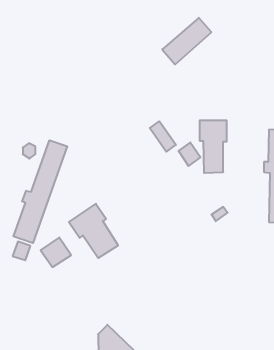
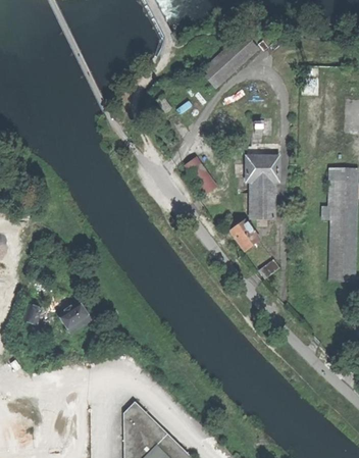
building: [13,140,67,243] -> none
building: [178,142,200,166] -> [230,220,257,249]
building: [69,204,118,258] -> none

